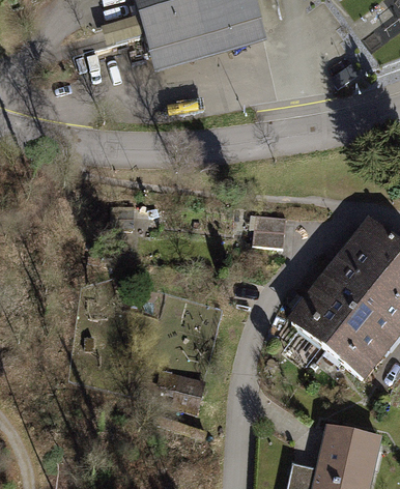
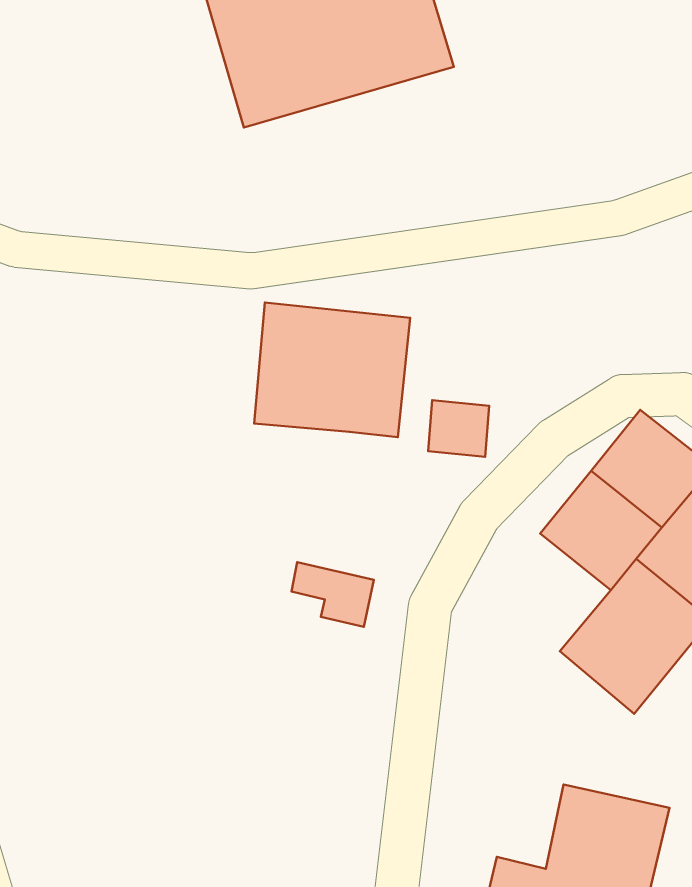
building: none -> [254,302,410,437]
building: [286,286,350,348] -> none
building: [162,369,205,403] -> [291,562,374,627]

